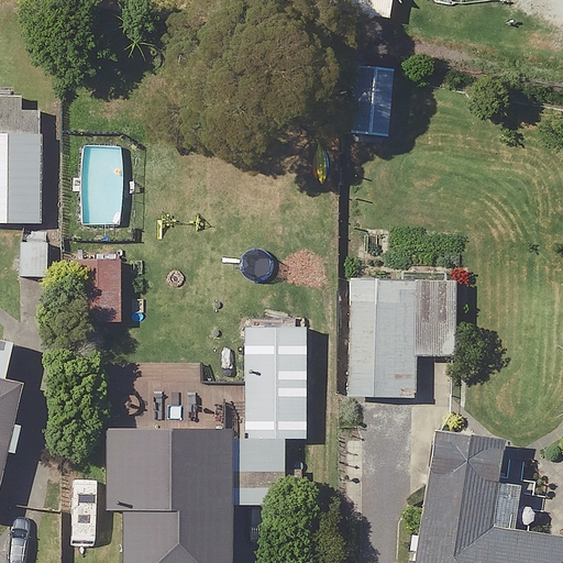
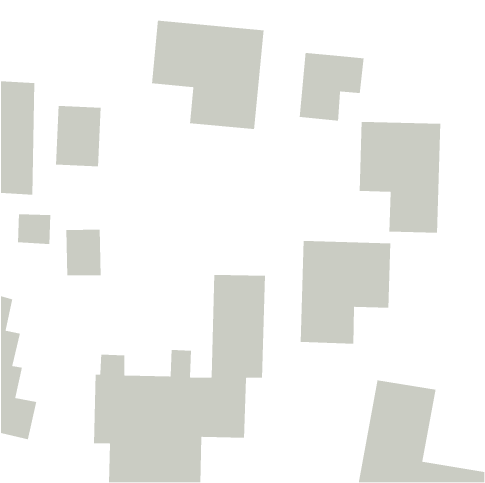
building: none -> [151,20,264,130]
building: none -> [359,121,441,233]

